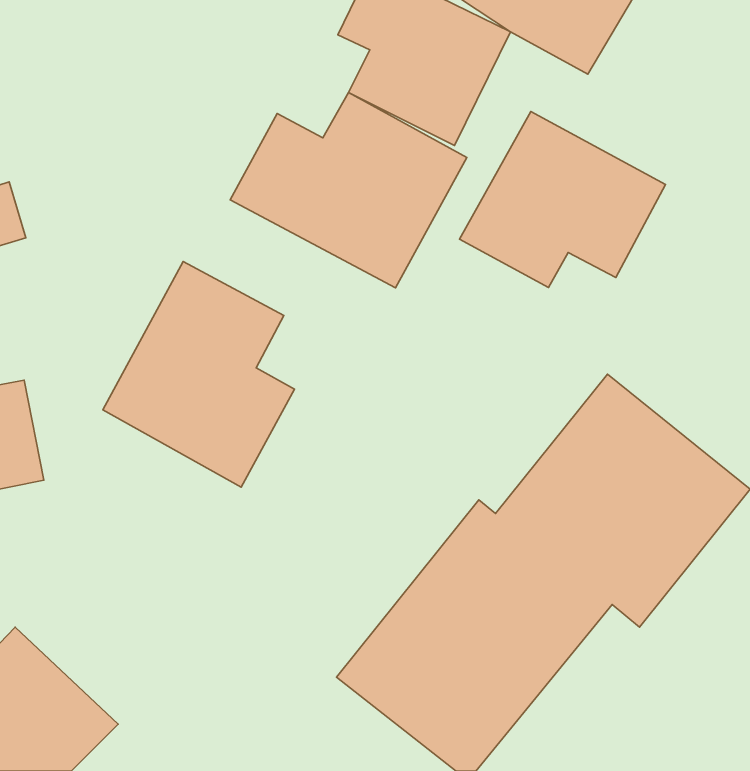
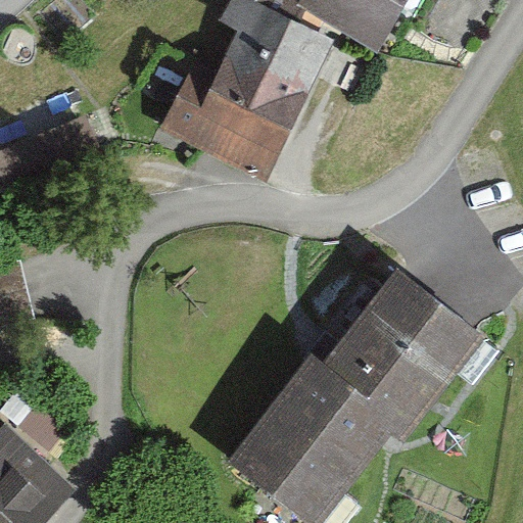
building: [459,111,666,288] -> none
building: [103,262,294,487] -> none

